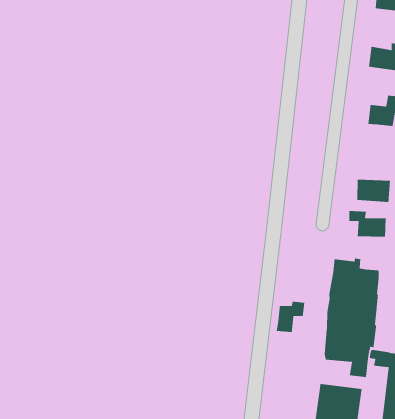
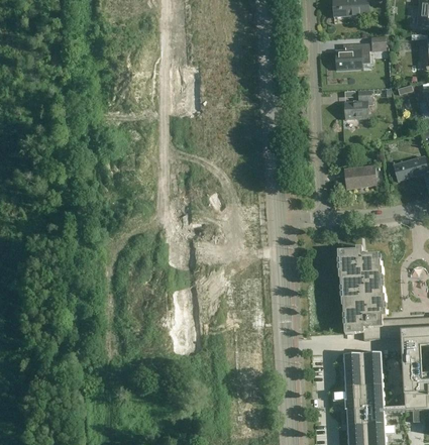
building: [348,210,387,238] -> none
building: [276,301,305,333] -> none

